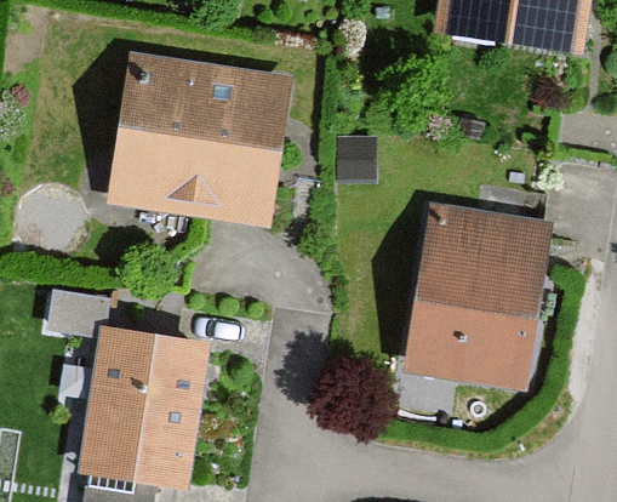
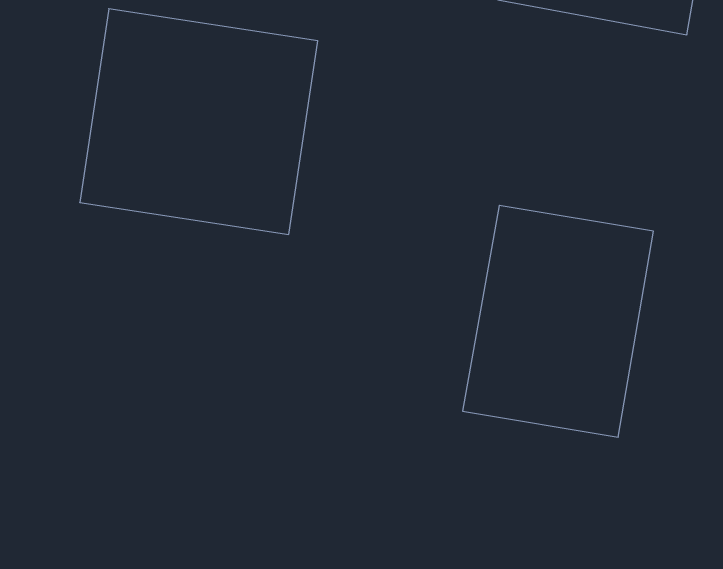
building: [75,318,208,486] -> none

